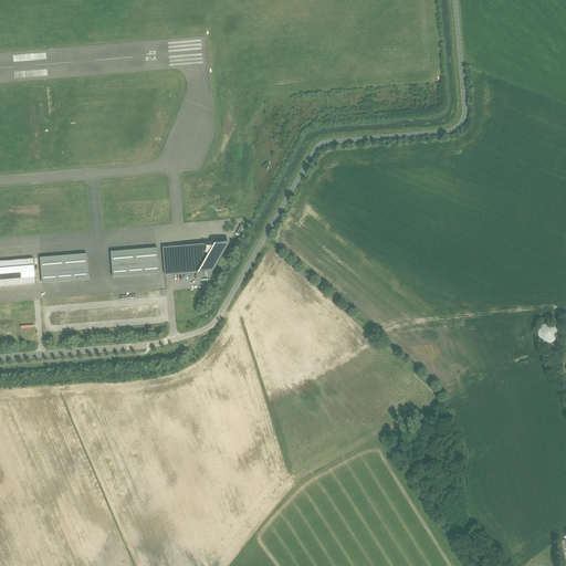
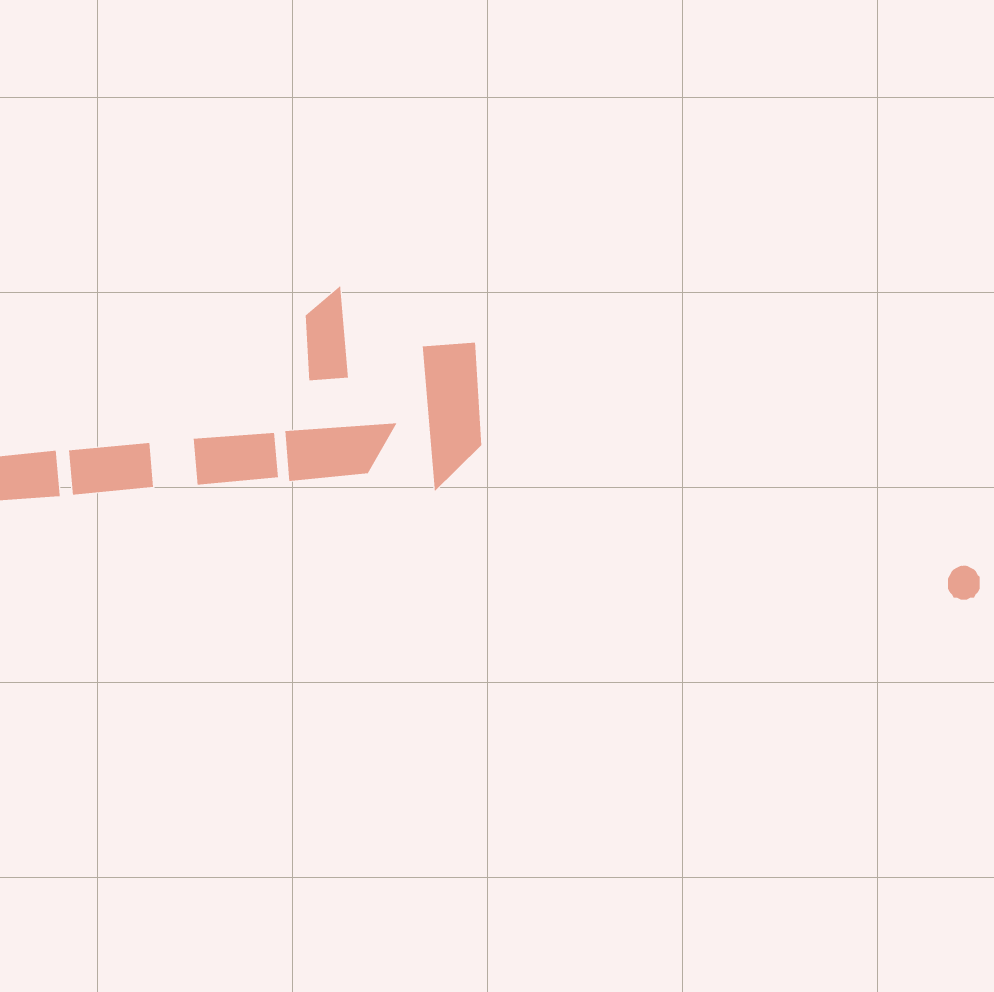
building: none -> [305,285,348,381]
building: none -> [422,342,482,492]

